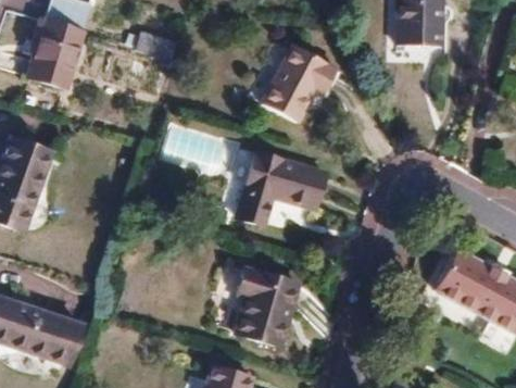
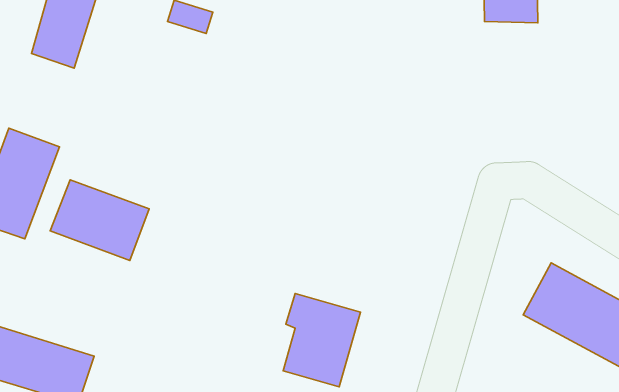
building: [264,45,338,118] -> none
building: [237,158,324,225] -> none
building: none -> [50,180,149,261]

